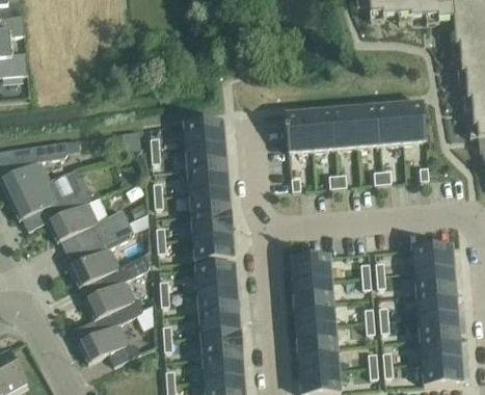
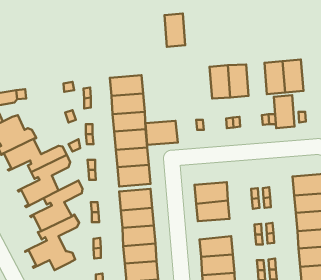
building: [354,106,380,148] -> [274,95,295,128]
building: [286,111,312,153] -> [164,14,185,47]
building: none -> [146,121,178,145]
building: [294,301,335,327] -> none

